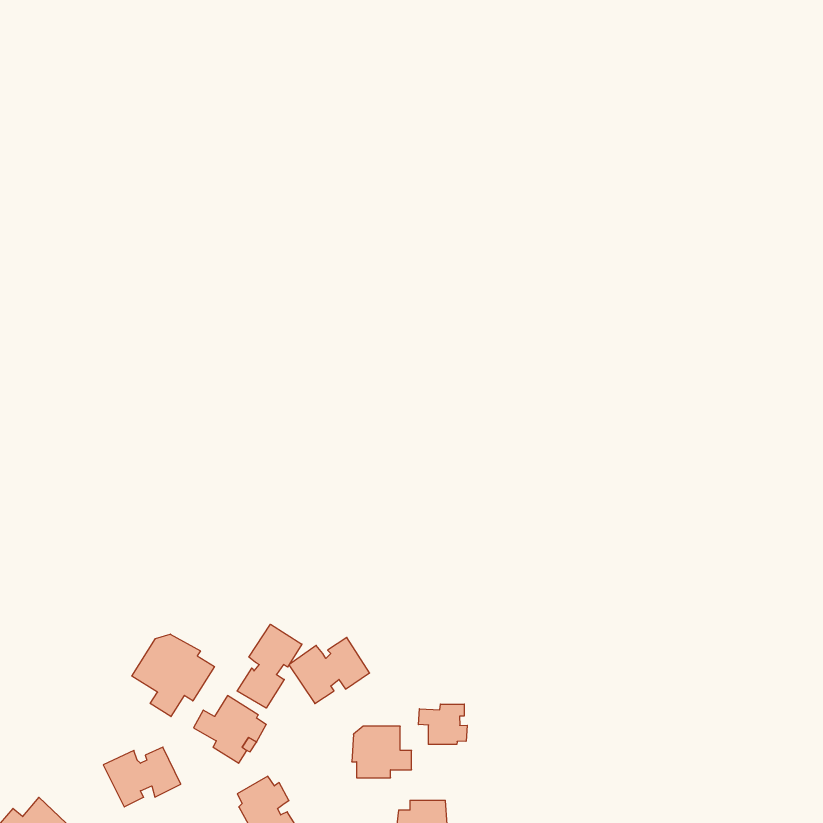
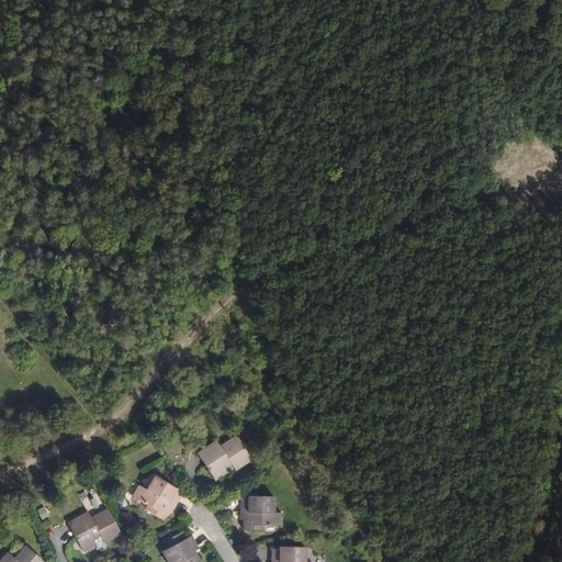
building: [237,624,302,708] -> none
building: [132,634,214,717] -> none
building: [418,704,467,744] -> none

